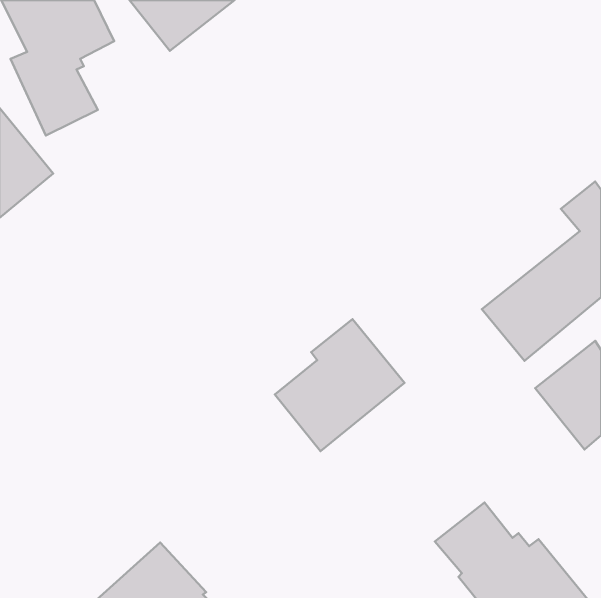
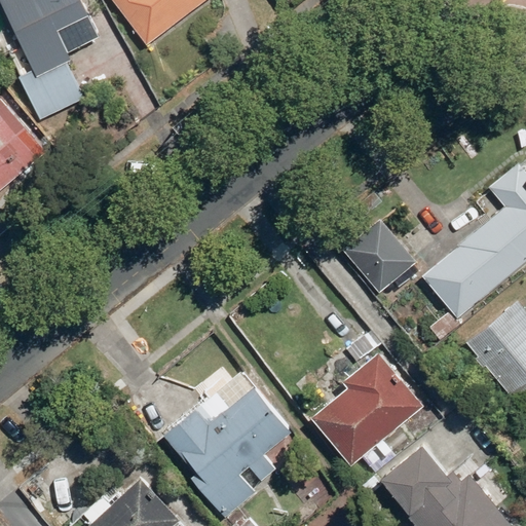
building: none -> [342,218,417,294]
building: [275,319,404,451] -> [310,350,423,465]
building: none -> [163,387,290,519]

